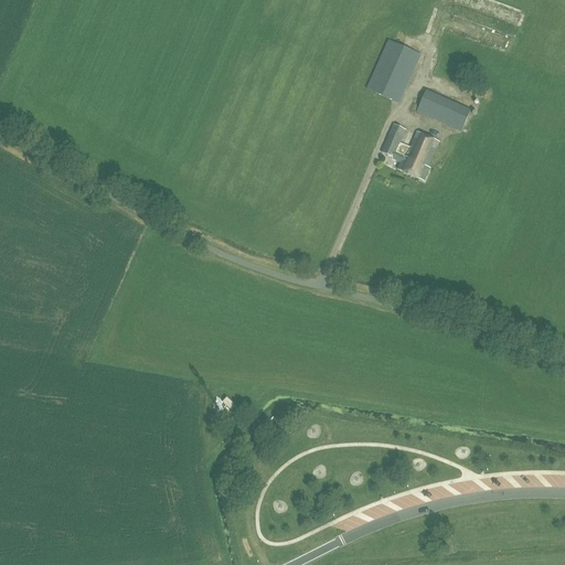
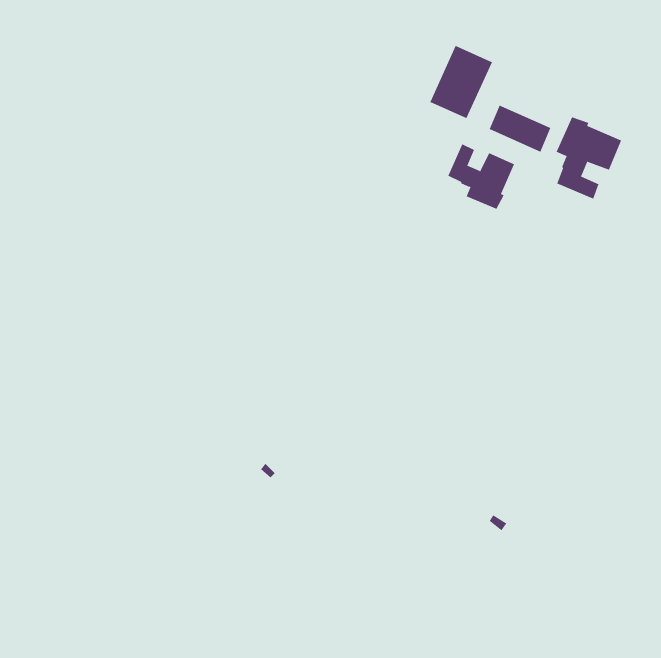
building: none -> [556,117,622,200]

